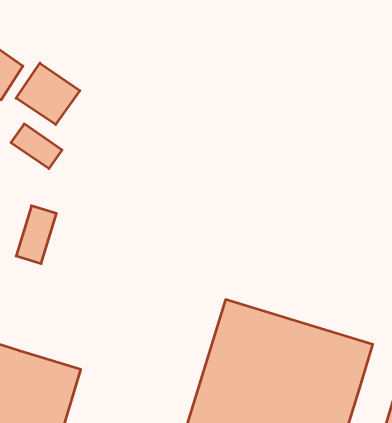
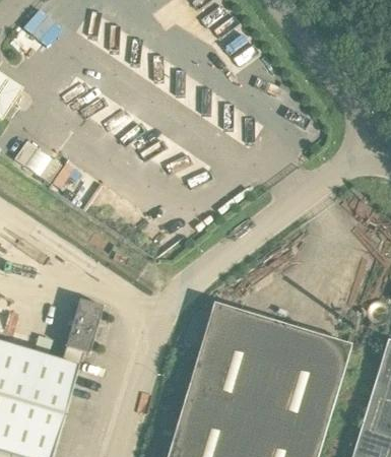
building: [16,63,80,125] -> none
building: [16,206,56,264] -> [65,300,103,353]

